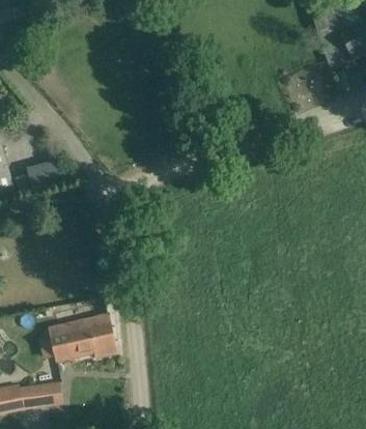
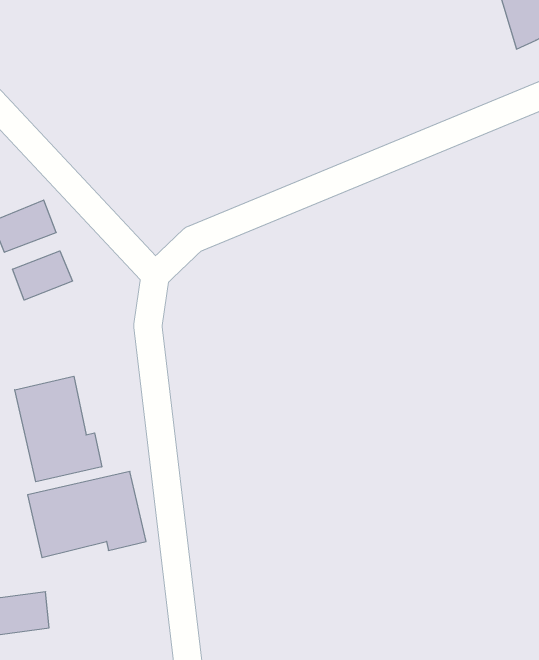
building: none -> [13,251,73,300]
building: none -> [15,376,102,482]

